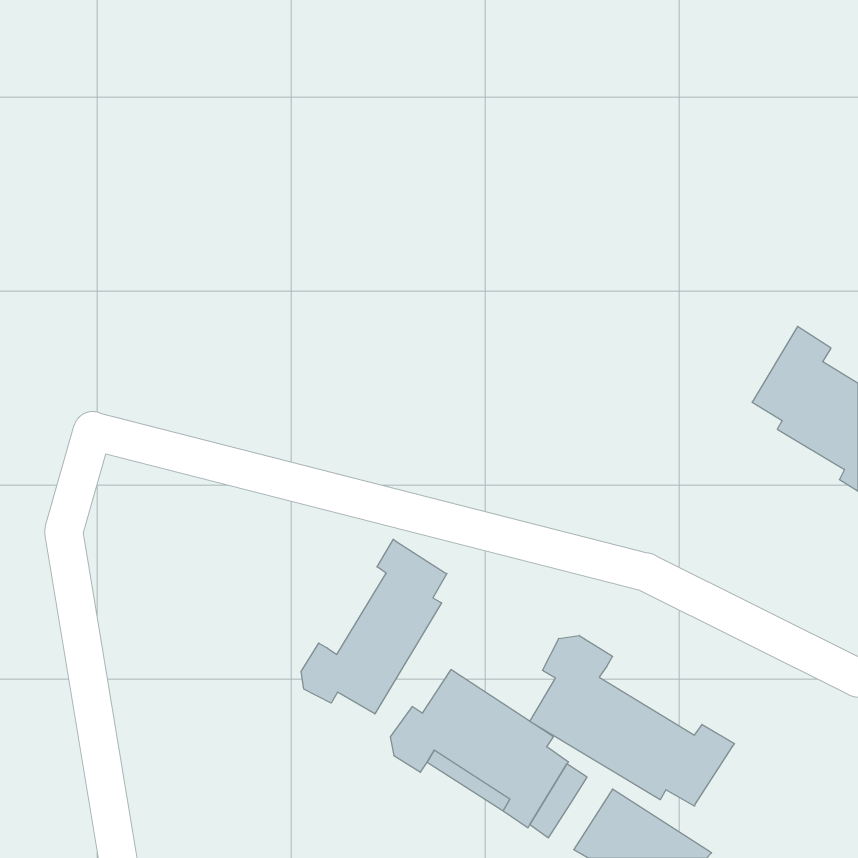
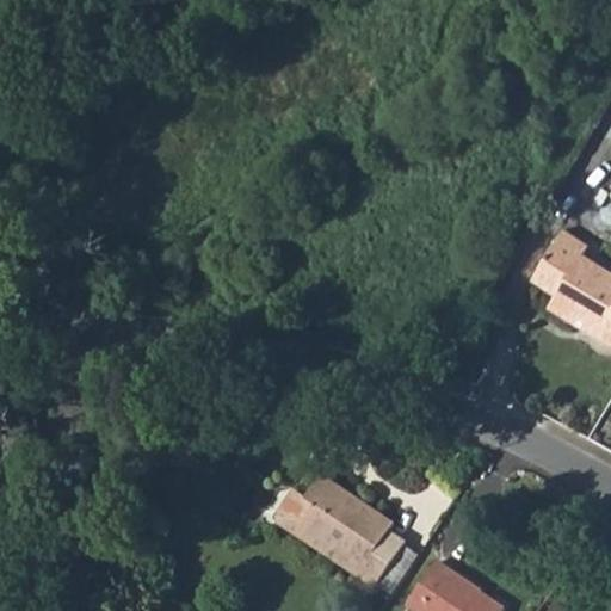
building: [301,539,447,714] -> none
building: [530,635,734,806] -> none

